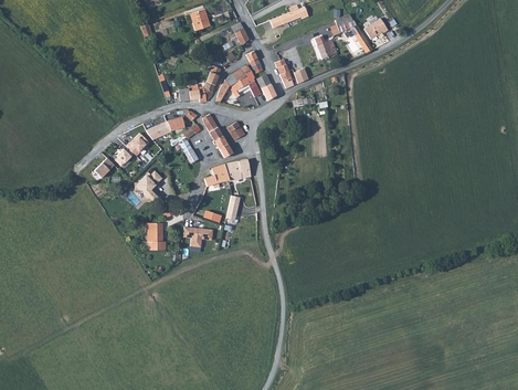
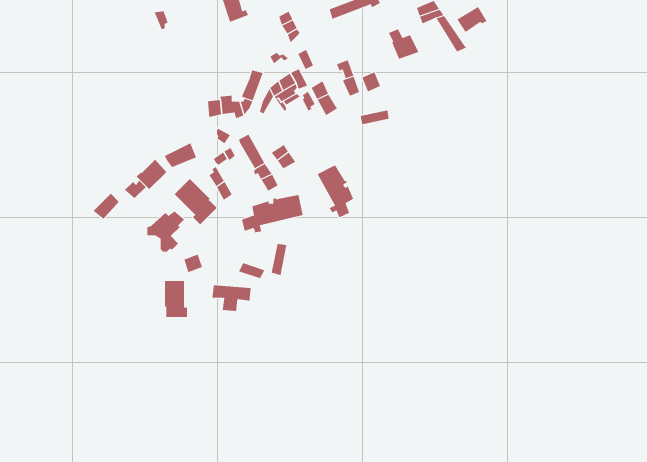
building: none -> [317,164,354,218]
building: none -> [174,178,217,225]

